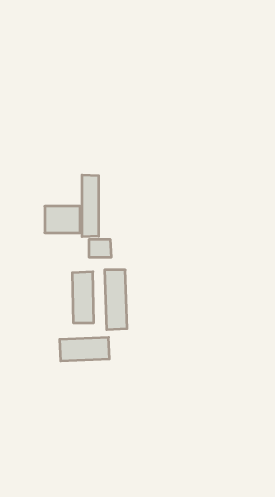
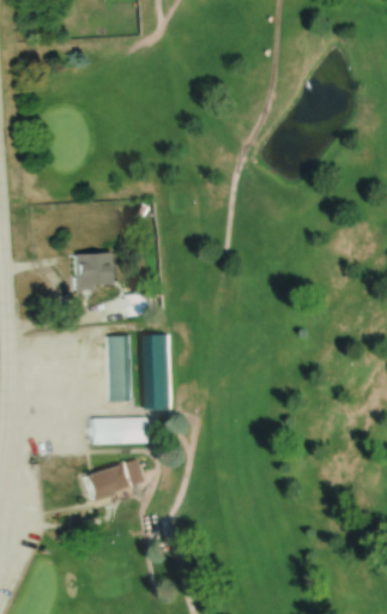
building: [82,175,99,237] -> none
building: none -> [78,459,145,500]

